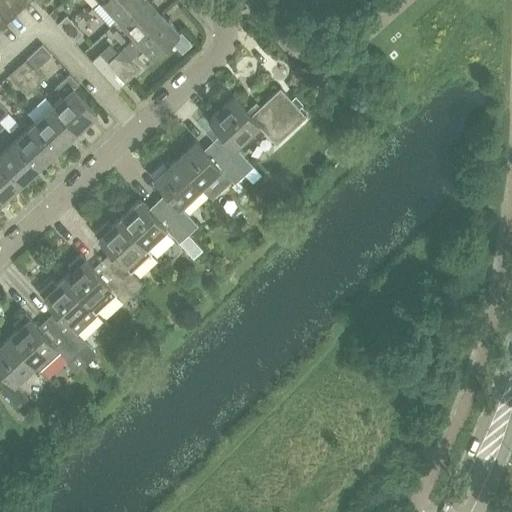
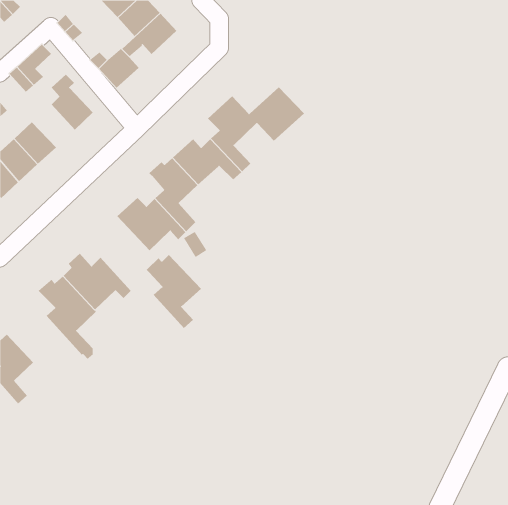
building: [32,109,75,152] -> none
building: [94,221,150,296] -> [146,254,202,329]
building: [7,316,88,376] -> none

